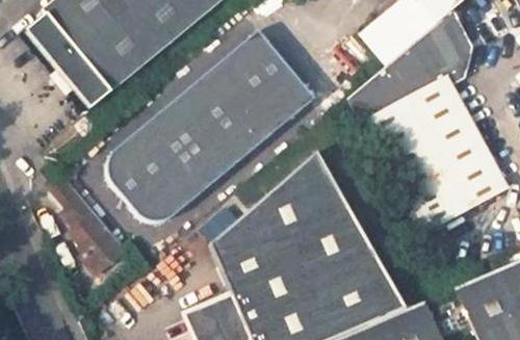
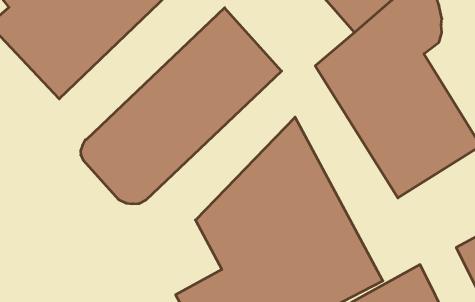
building: [51,176,127,273] -> none

